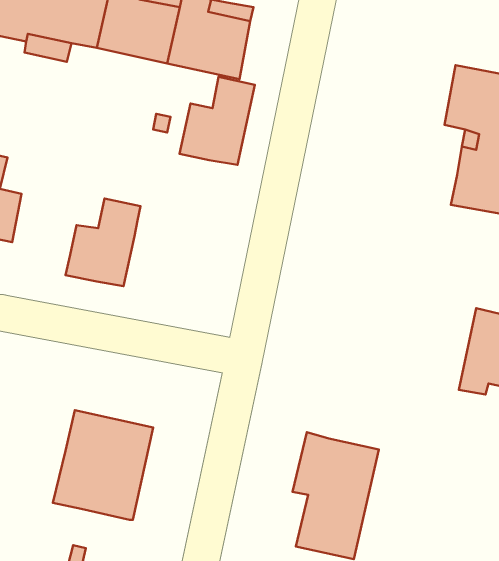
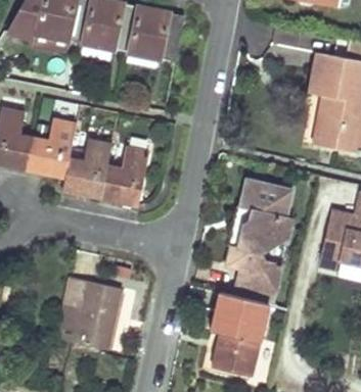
building: [179,77,255,165] -> [100,147,149,204]
building: none -> [28,118,77,177]
building: none -> [227,181,292,303]

